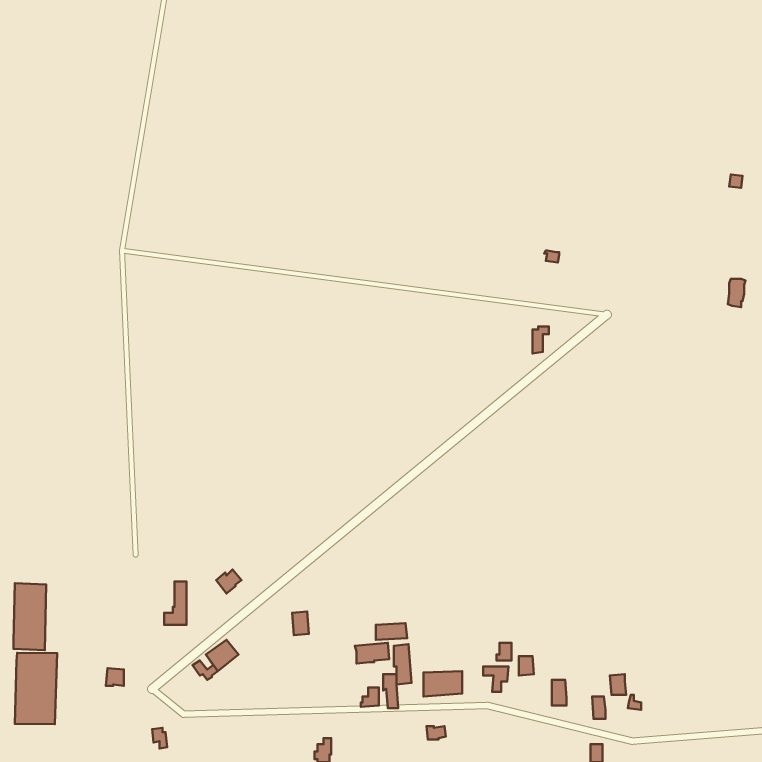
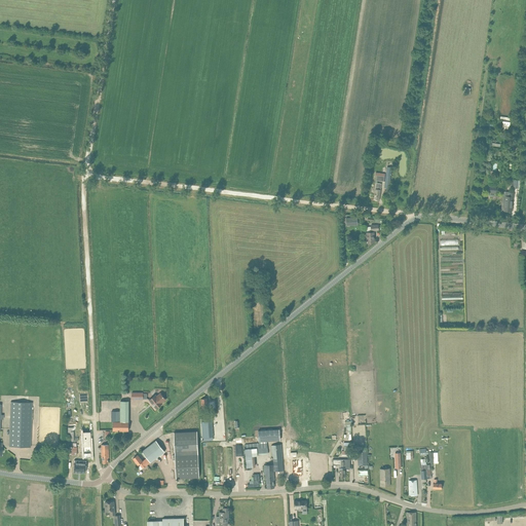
building: none -> [177,431,200,478]
building: [15,653,57,724] -> none

